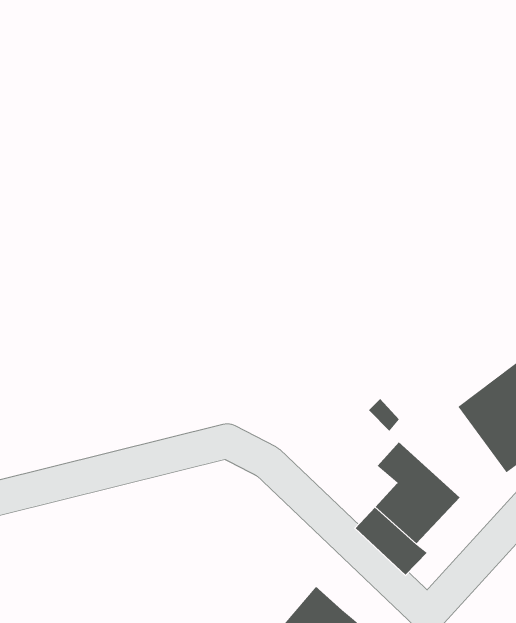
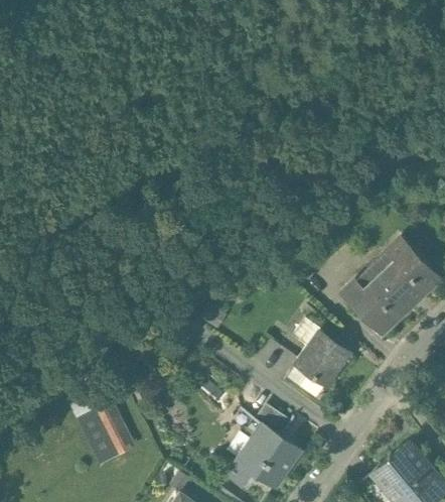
building: none -> [79,404,132,464]
building: none -> [258,407,291,438]

